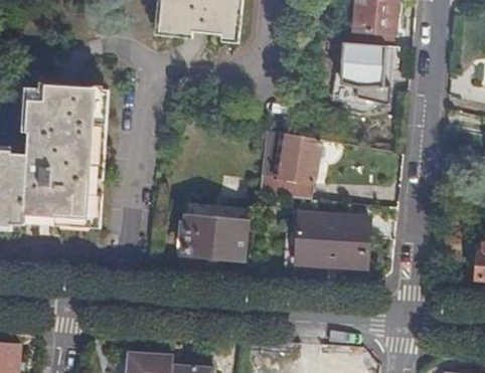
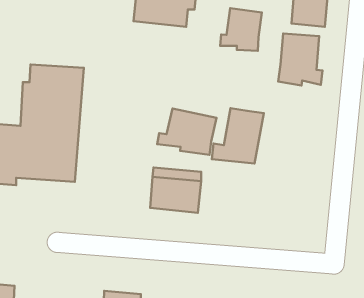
building: none -> [220,8,262,51]
building: none -> [157,109,216,155]
building: [296,214,368,265] -> none

